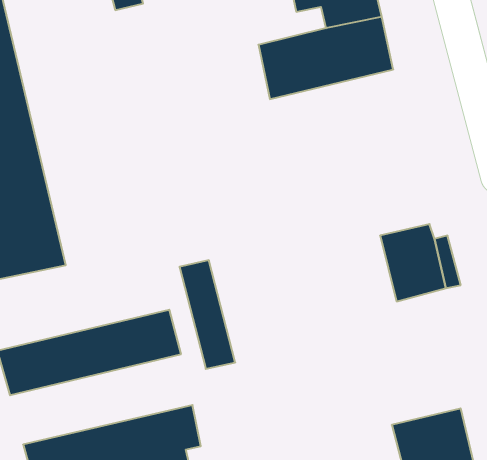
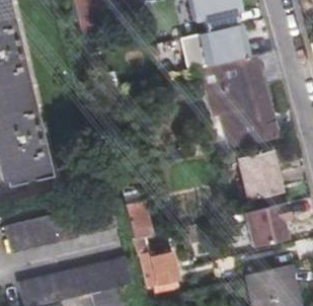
building: none -> [193,49,281,156]
building: none -> [243,202,291,247]
building: none -> [133,236,176,287]

